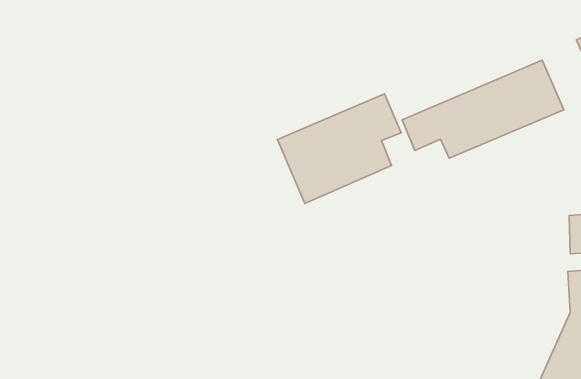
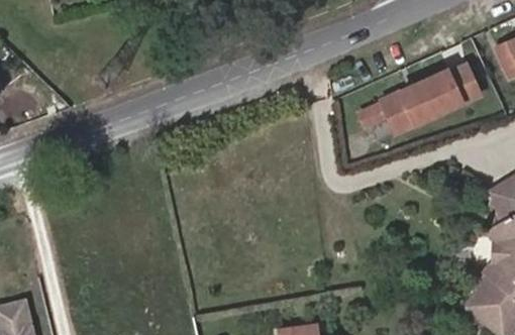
building: [278,94,401,203] -> none

